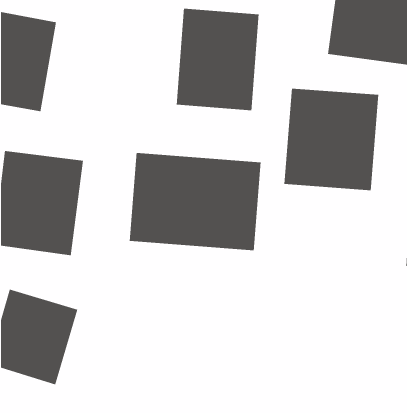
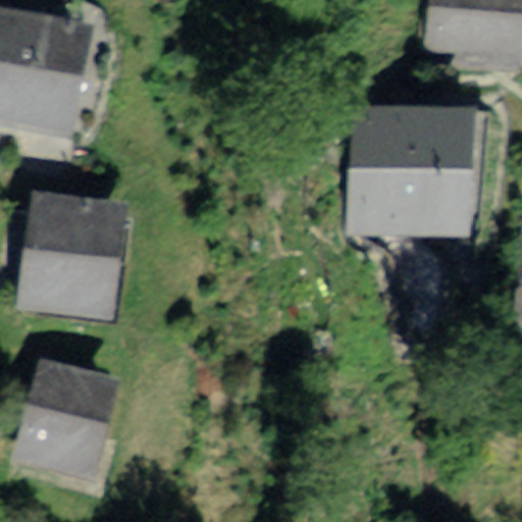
building: [176,8,259,111] -> none
building: [129,152,261,251] -> none

